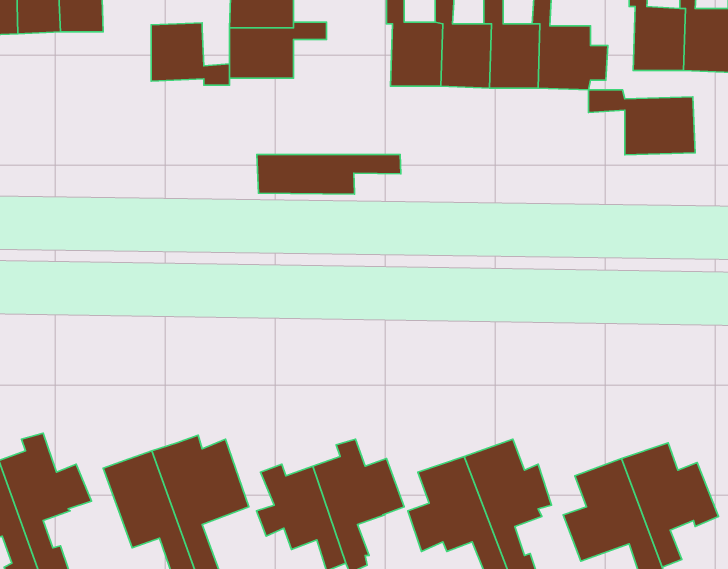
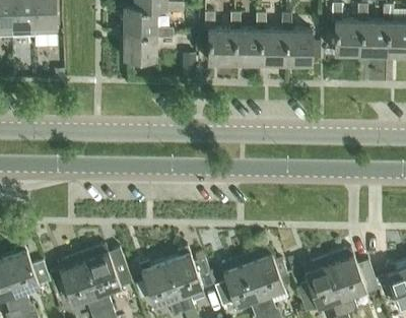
building: [151,23,229,85] -> none
building: [589,90,695,155] -> none
building: [257,154,401,194] -> none

